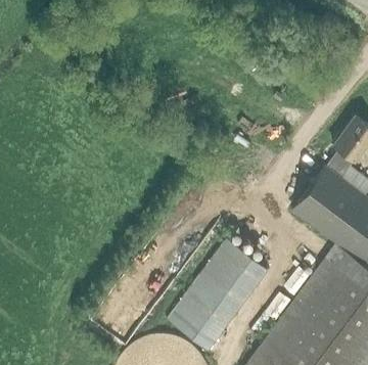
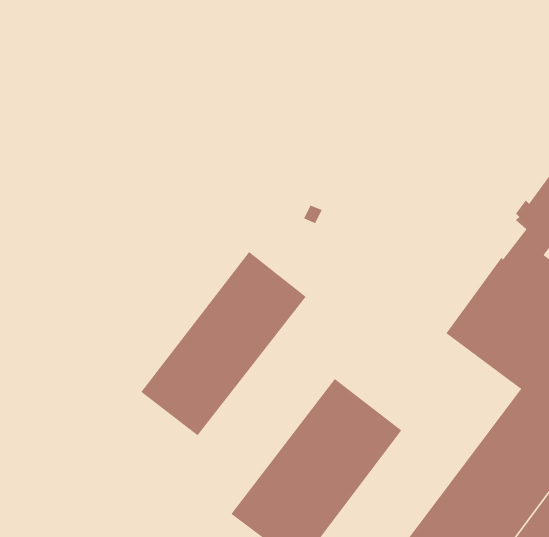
building: none -> [141,251,306,436]

